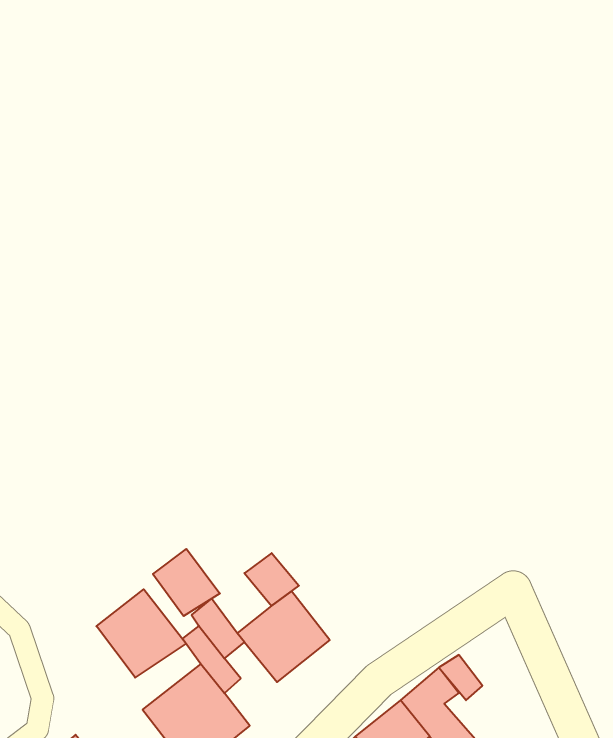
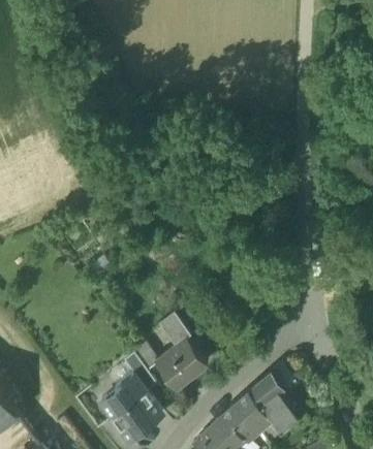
building: [153,549,220,616] -> none
building: [96,589,186,678] -> none

